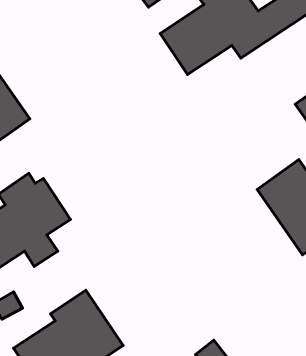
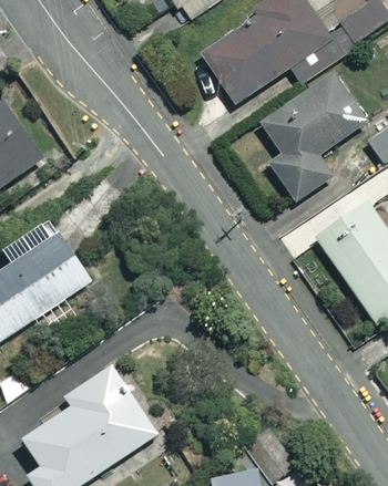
building: none -> [261,72,368,201]

